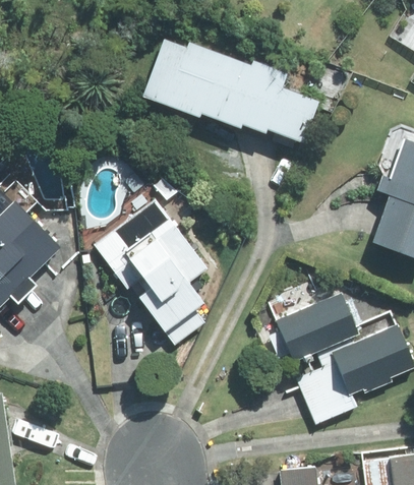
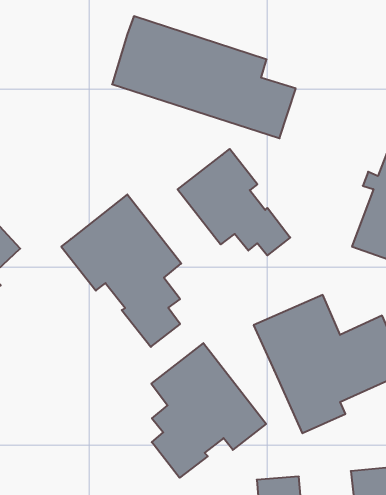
building: none -> [178,149,290,255]
building: none -> [151,343,266,478]

